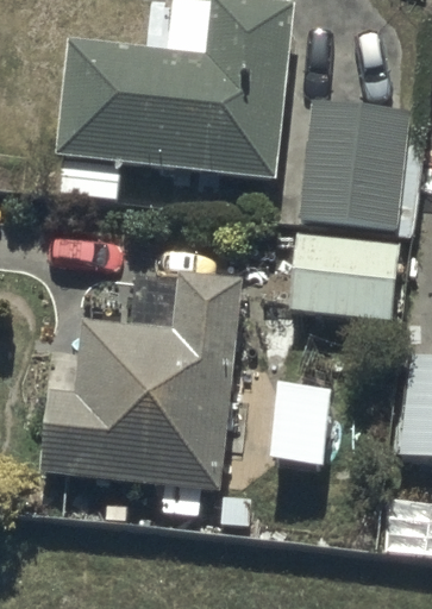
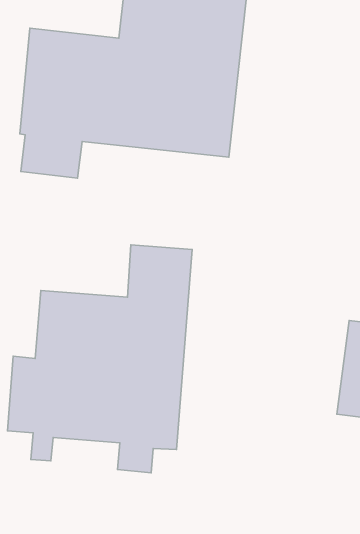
building: [296,100,413,230] -> none
building: [287,234,400,320] -> none

